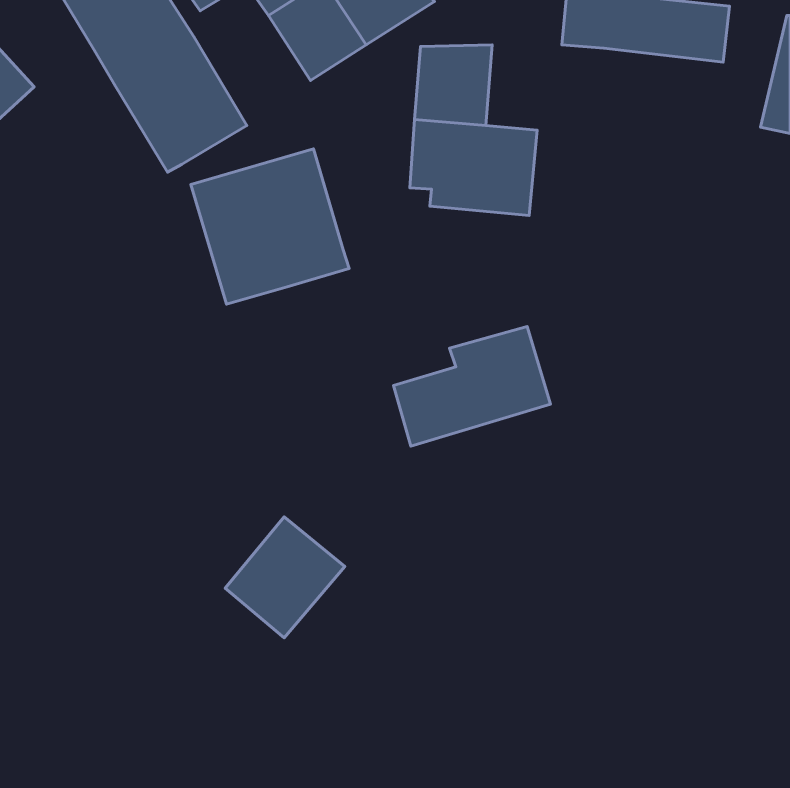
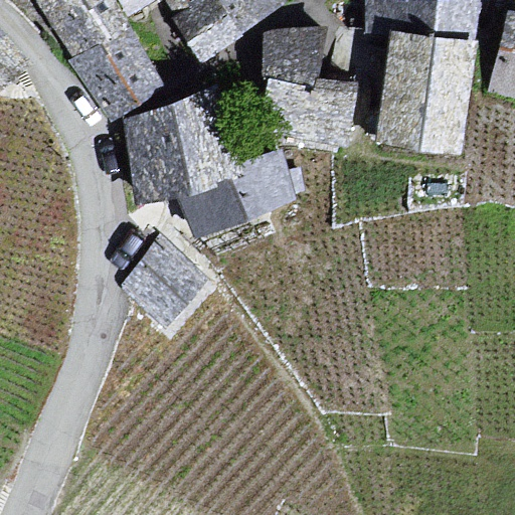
building: none -> [380,31,469,143]
building: [394,327,550,446] -> [186,148,288,225]
building: [225,517,345,638] -> [125,238,202,317]

